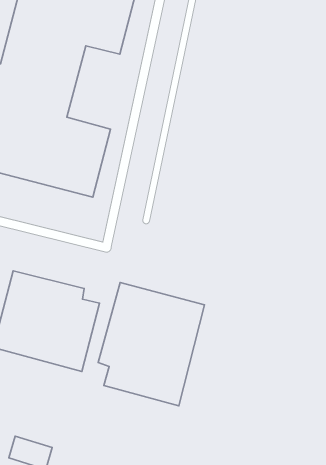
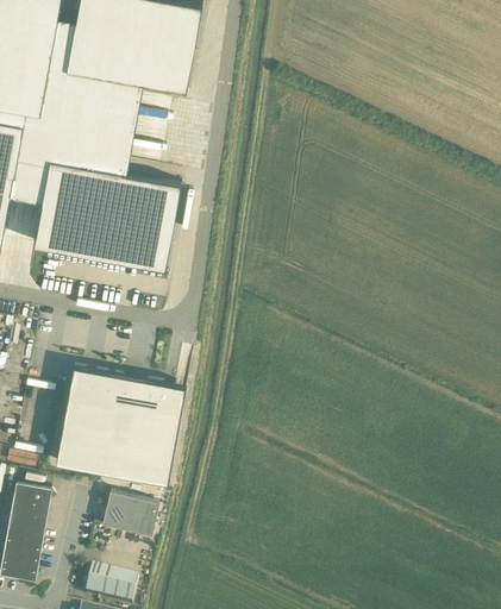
building: [98,282,205,406] -> none
building: none -> [101,492,158,538]

